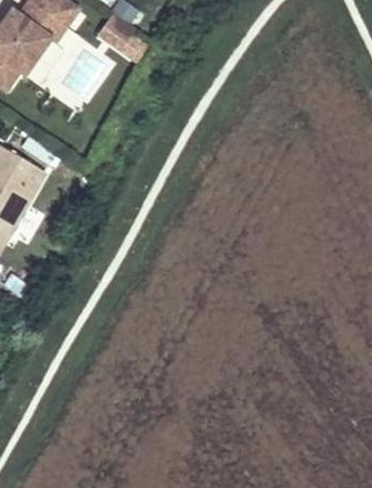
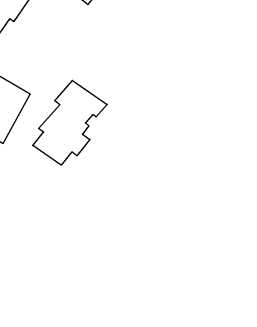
building: none -> [33,80,107,165]

